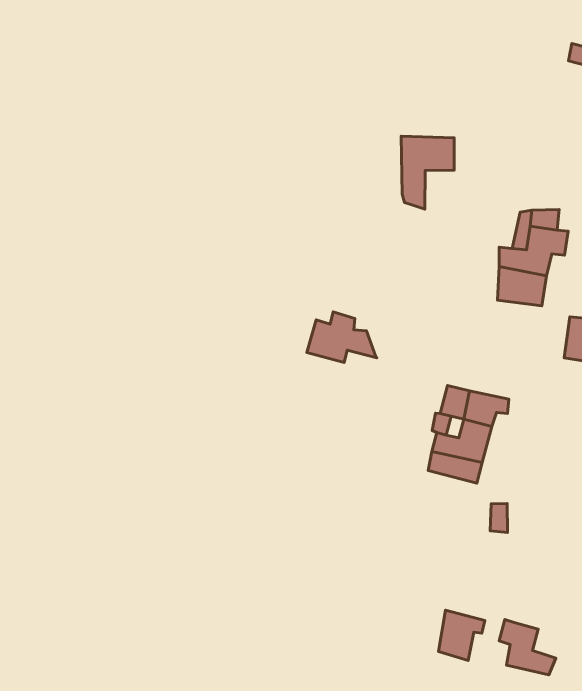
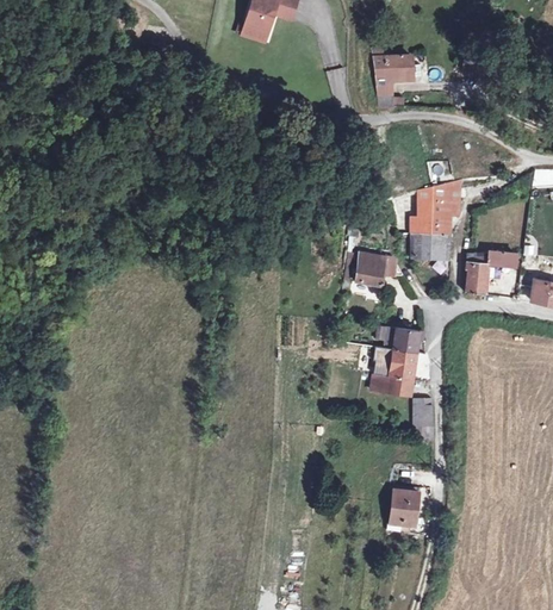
building: [401,136,454,209] -> [372,56,414,111]
building: [307,312,377,363] -> [352,245,404,282]
building: [499,619,556,675] -> none

